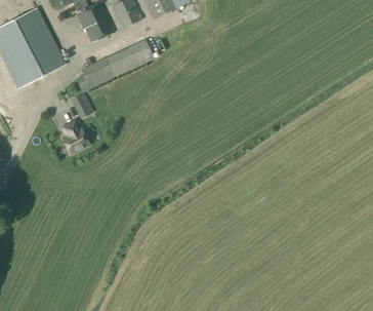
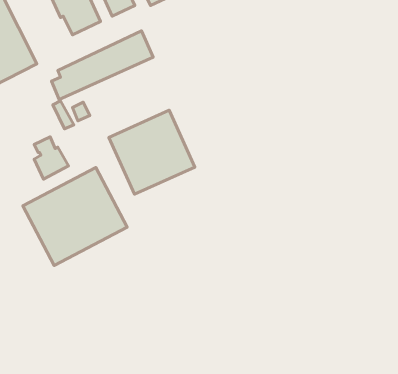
building: none -> [109,110,195,194]
building: none -> [23,168,127,266]

